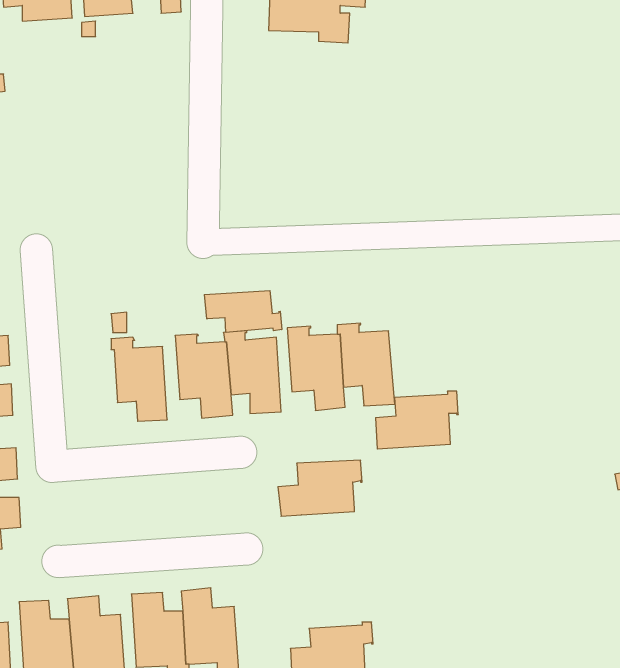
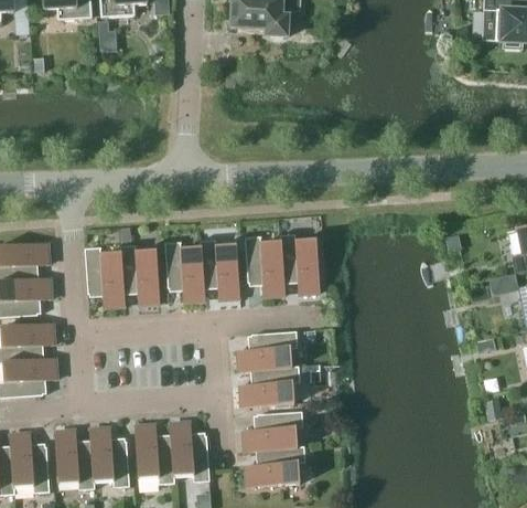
building: [204,291,282,332] -> none
building: none -> [85,247,126,306]
building: [376,391,458,449] -> [241,366,300,406]
building: none -> [244,411,303,452]

